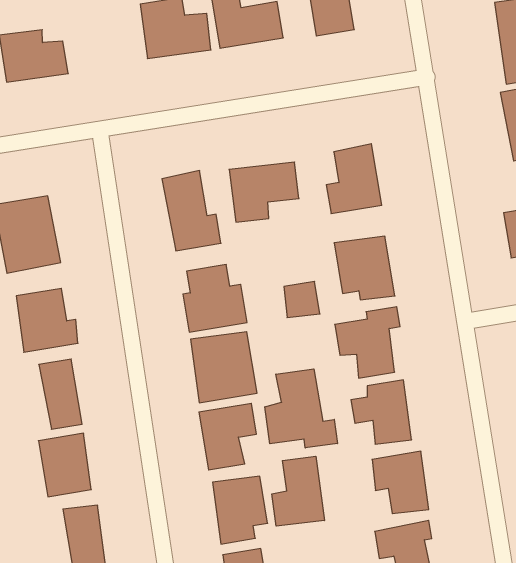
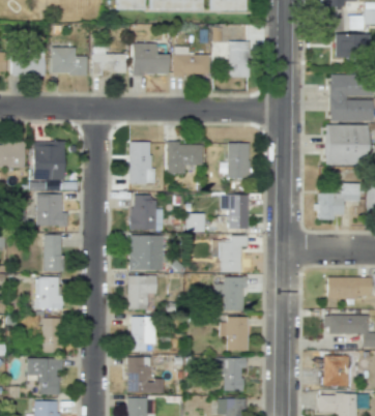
building: none -> [93,46,126,75]
building: [265,369,337,448] -> none
building: [272,456,324,526] -> none

